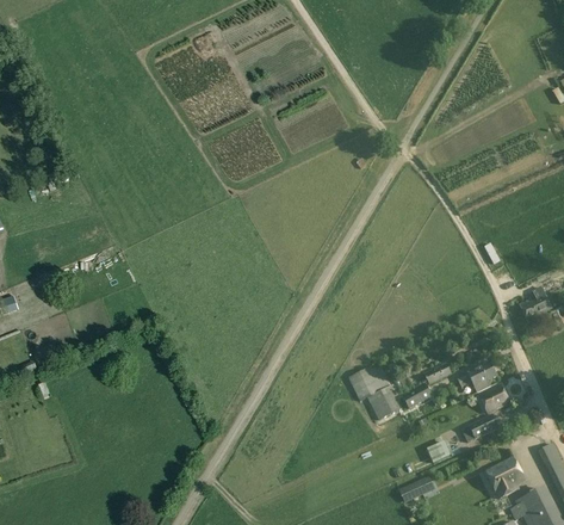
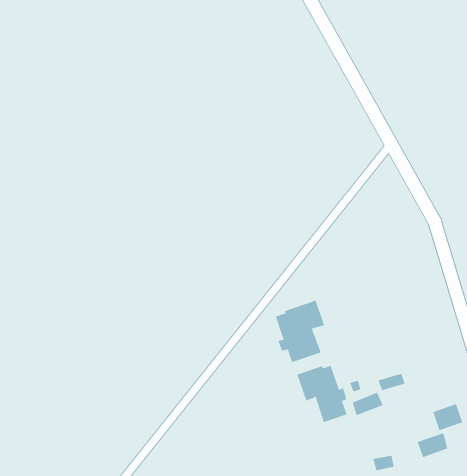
building: none -> [275,300,325,363]
building: [458,362,496,391] -> none

